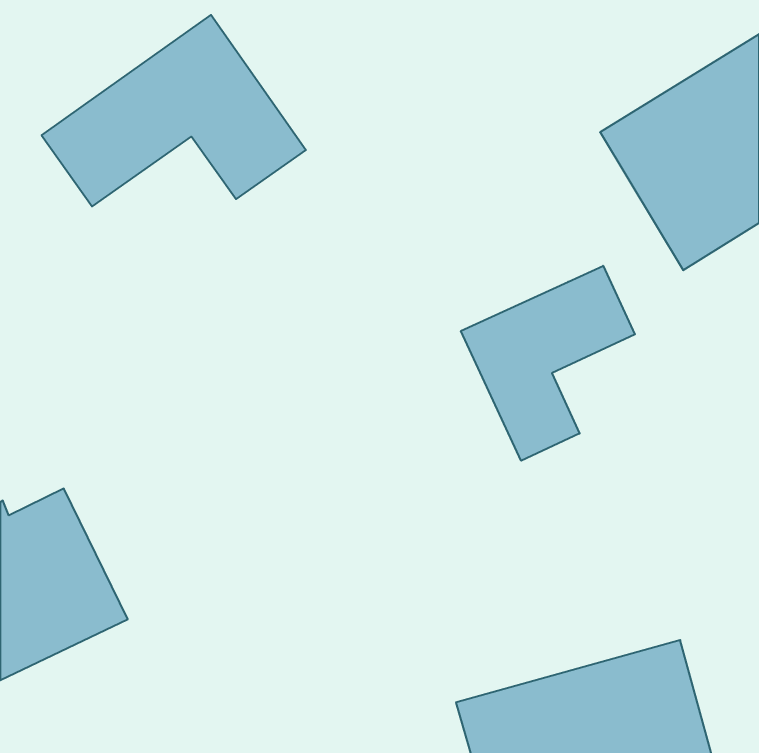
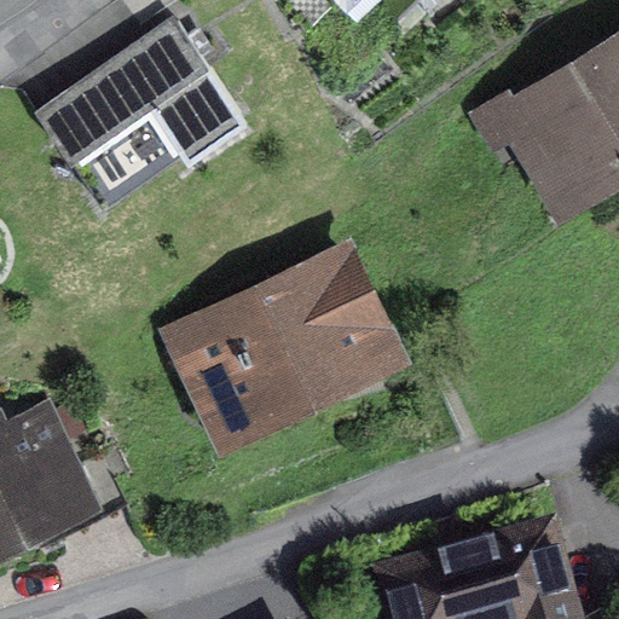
building: [461,266,635,461] -> none
building: none -> [158,242,409,456]

